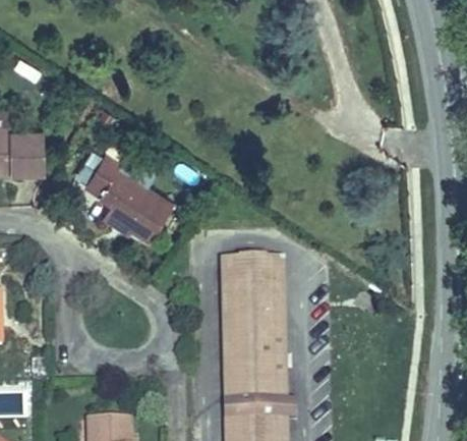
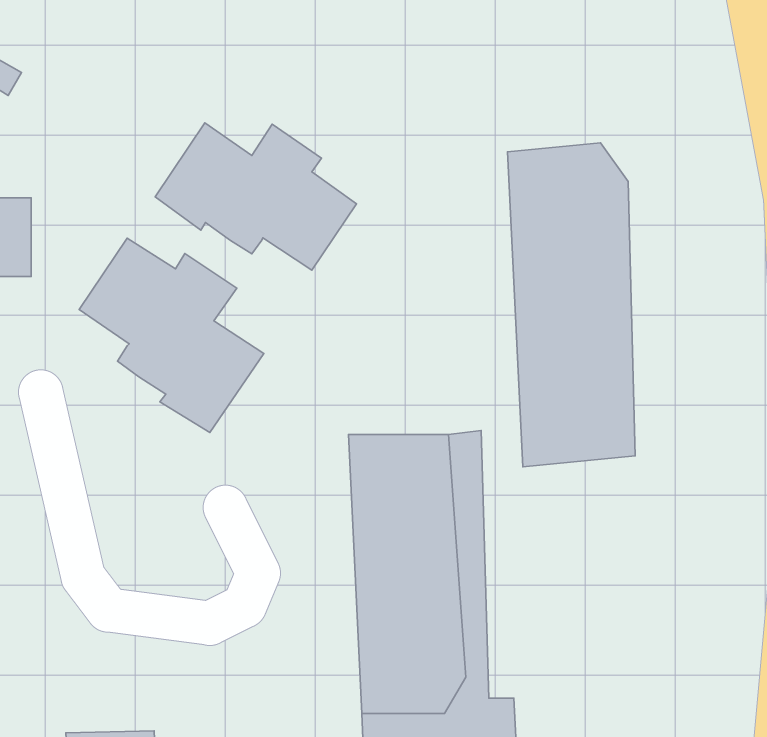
building: none -> [155,123,356,270]
building: none -> [508,143,635,467]

